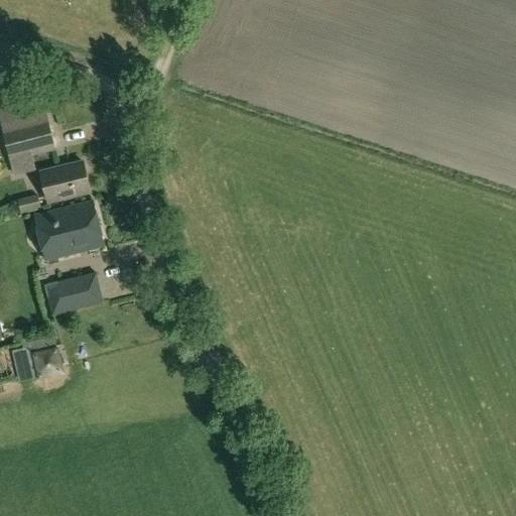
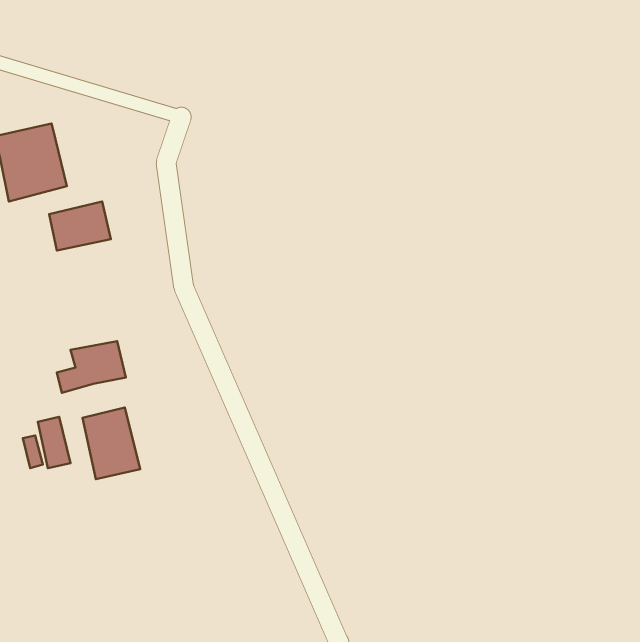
building: [33,202,103,261] -> none
building: none -> [83,407,140,479]

